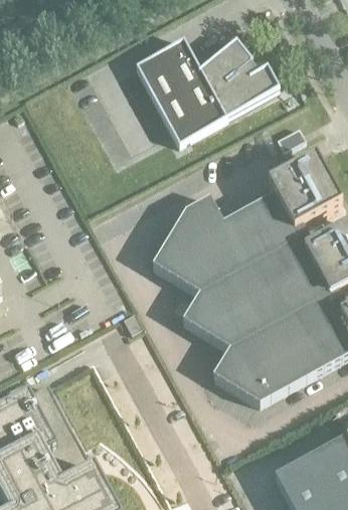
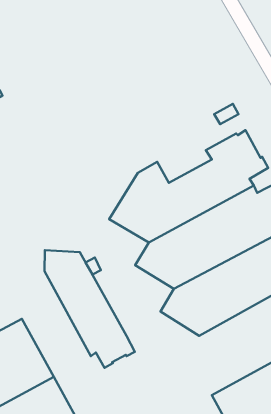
building: [135,37,279,143] -> none
building: none -> [44,250,135,368]

